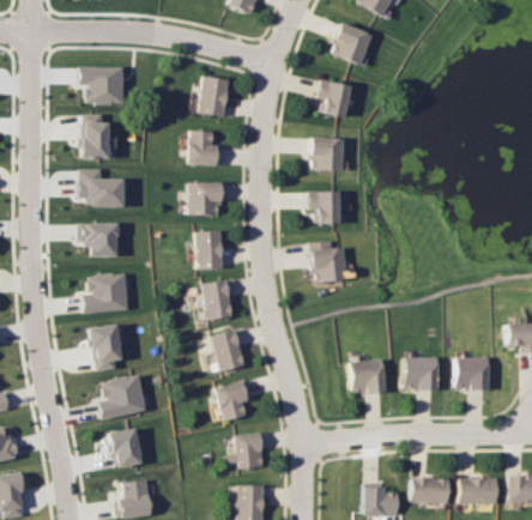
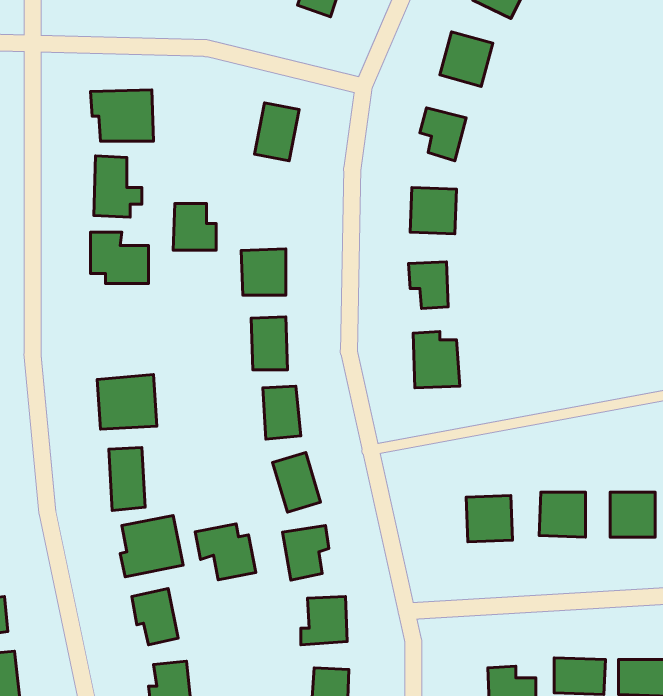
building: [188,131,219,164] -> [173,204,216,250]
building: [80,223,115,256] -> none
building: none -> [195,524,256,580]

